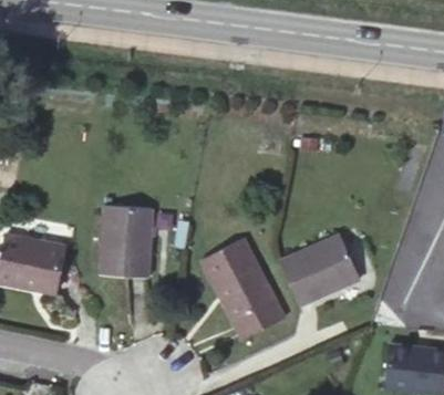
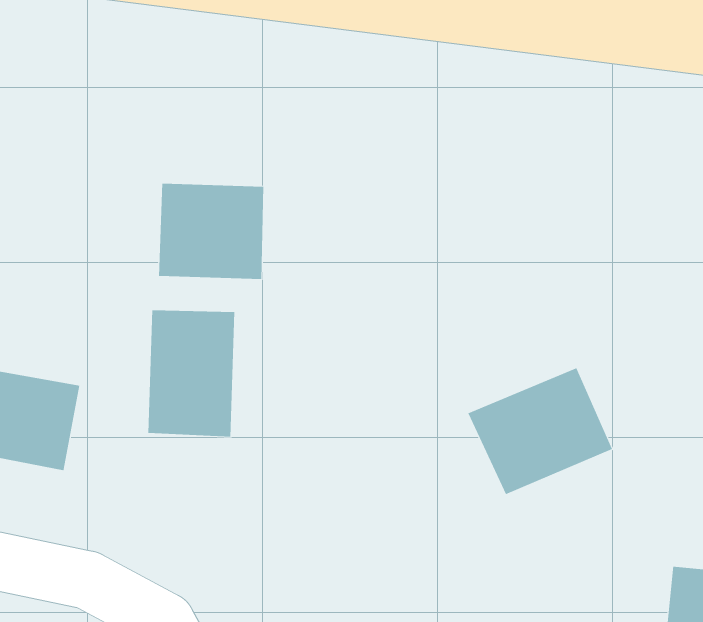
building: none -> [158,183,264,280]
building: [202,239,283,340] -> none

